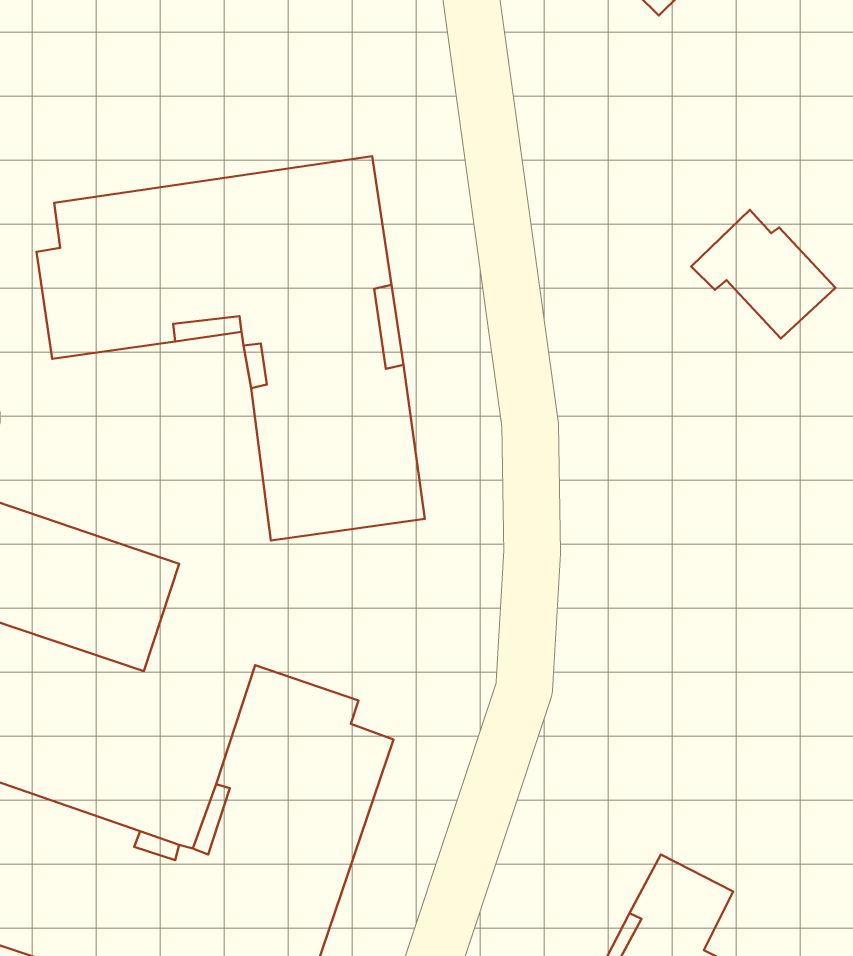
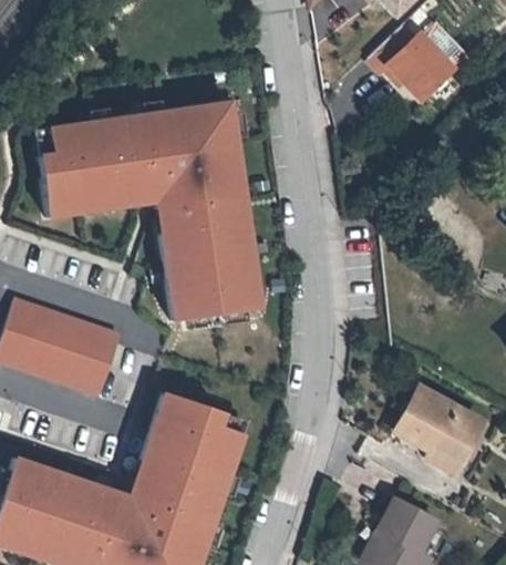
building: [691,210,836,339] -> [370,25,452,99]
building: none -> [396,388,483,473]

